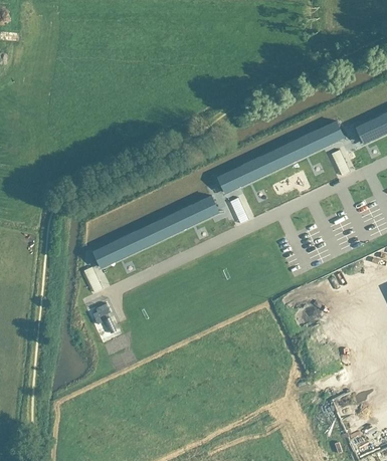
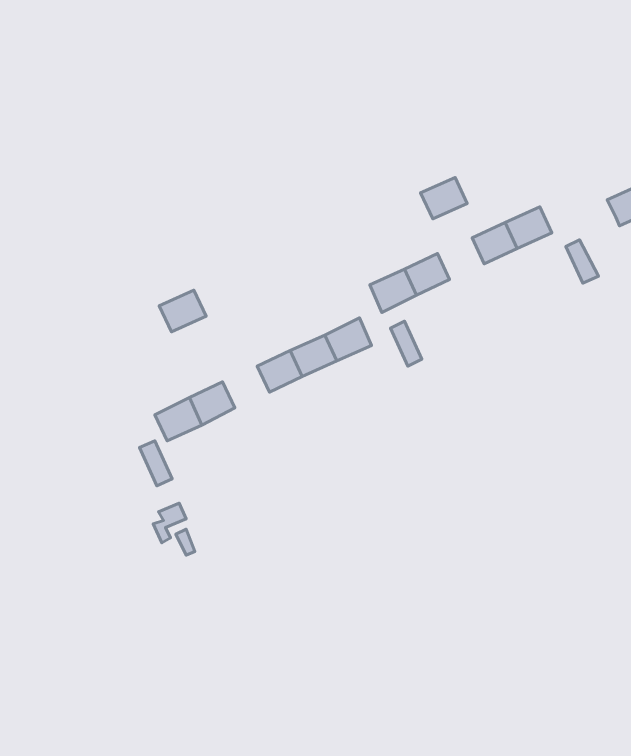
building: [318,121,345,146] -> none
building: [258,149,285,173] -> [421,177,467,219]
building: [134,223,161,247] -> [159,290,206,332]

